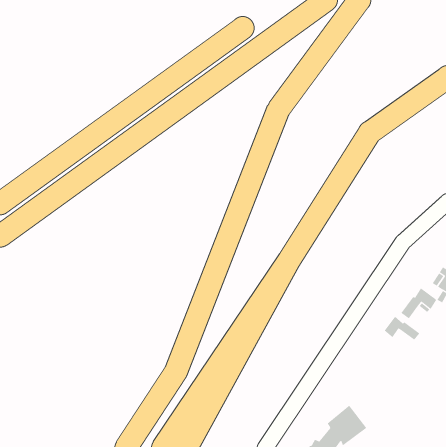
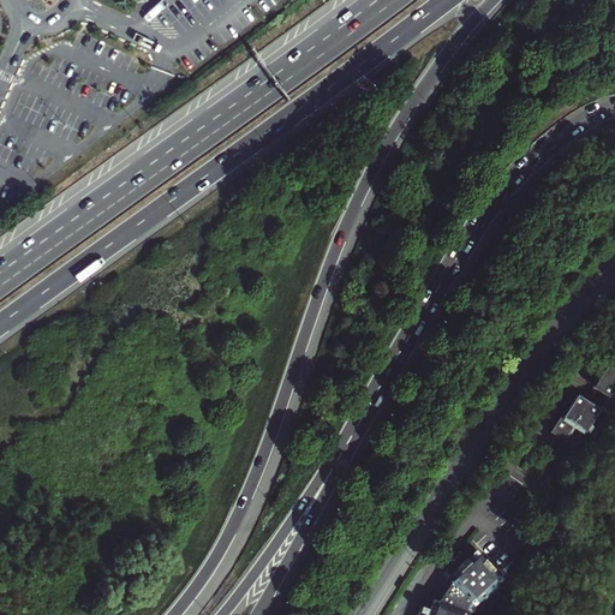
building: [384,316,420,341] -> none

